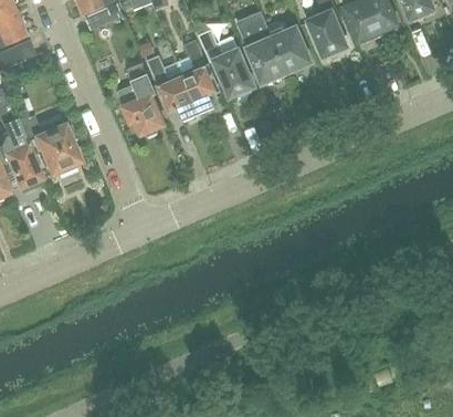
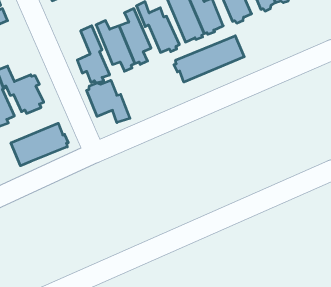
building: none -> [174,36,244,82]
building: none -> [87,80,130,123]
building: none -> [11,123,68,166]

